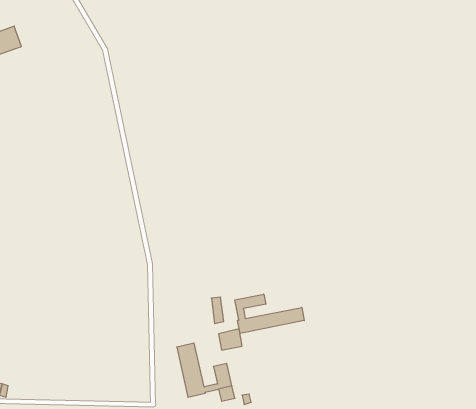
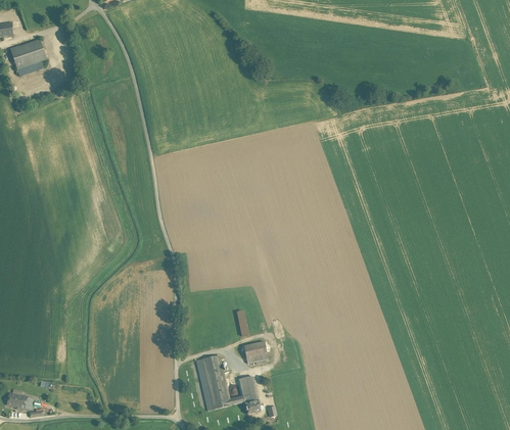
building: [235,294,304,334] -> none

